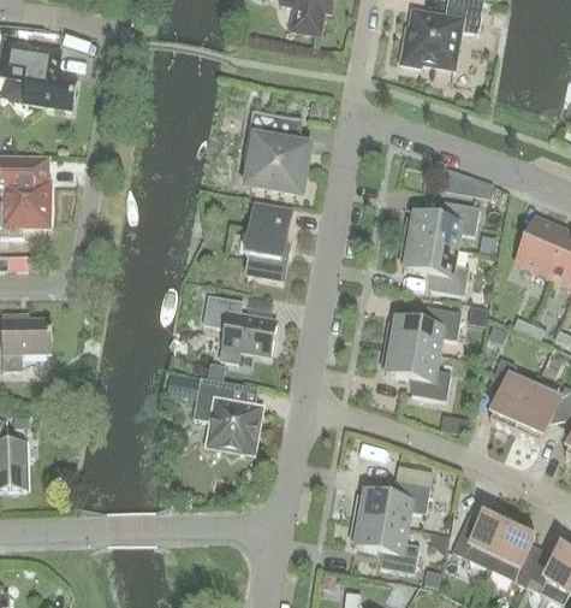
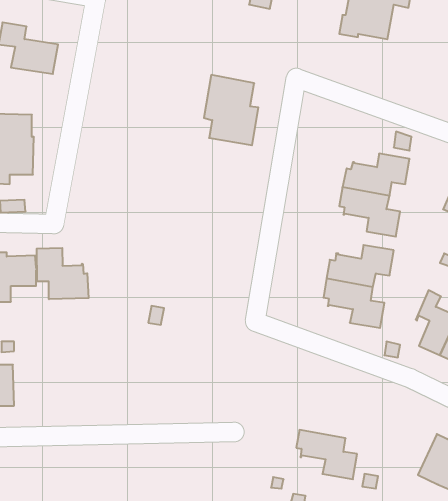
building: [245,202,291,282] -> none
building: [203,294,276,360] -> none
building: none -> [37,248,89,299]
building: [194,376,261,451] -> none
building: [353,478,430,526] -> none
building: [452,509,511,568] -> none

